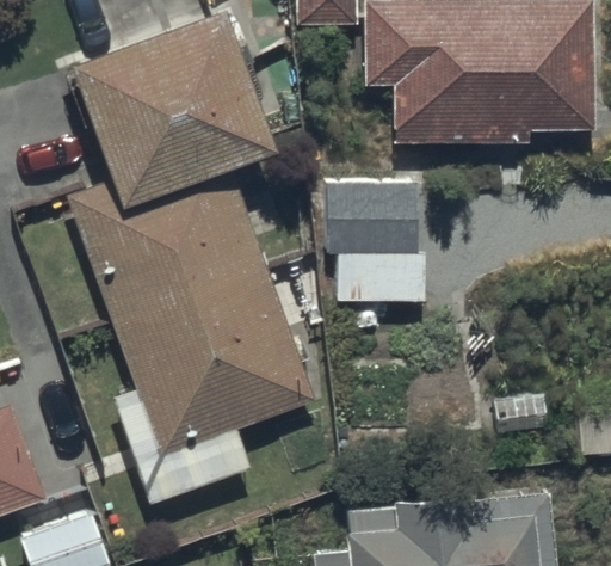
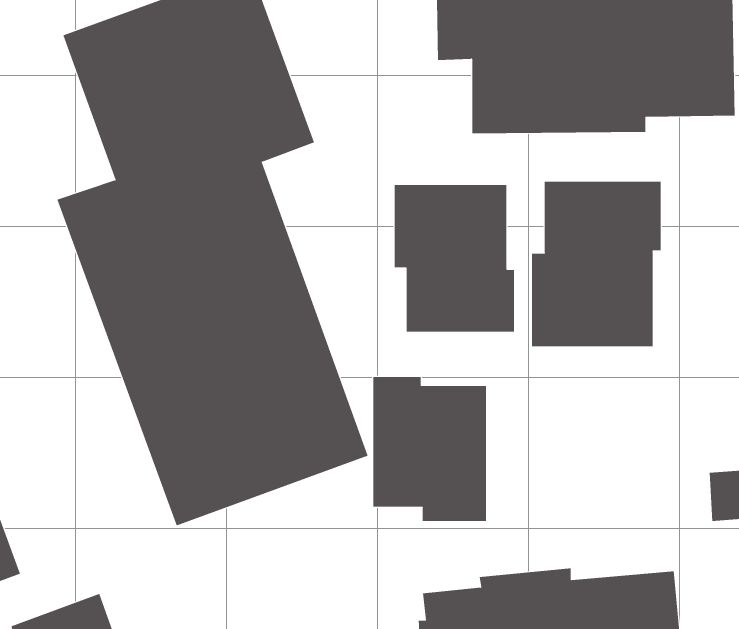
building: none -> [532,181,661,347]
building: none -> [373,376,487,522]

